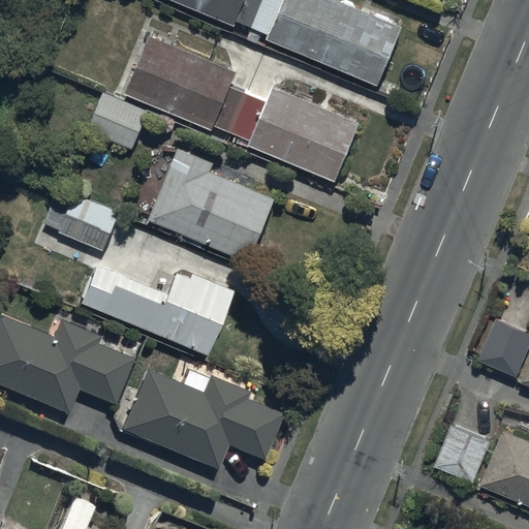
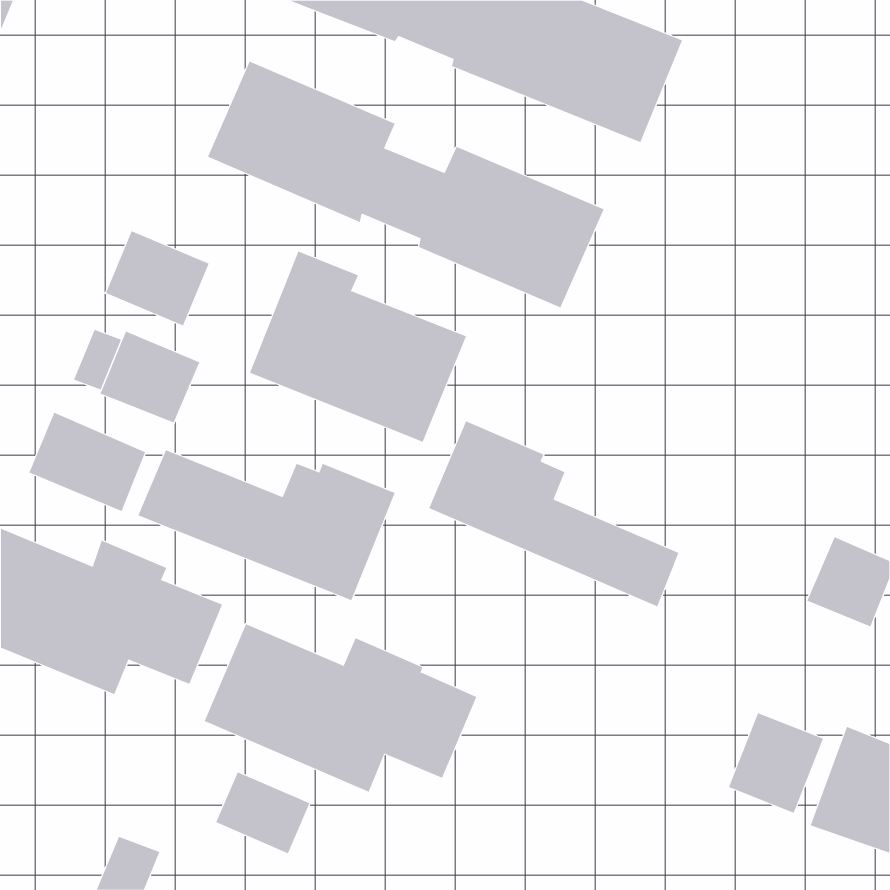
building: [86,93,148,150] -> [105,230,210,326]
building: none -> [28,412,146,512]
building: none -> [429,421,679,607]
building: none -> [215,772,310,854]

